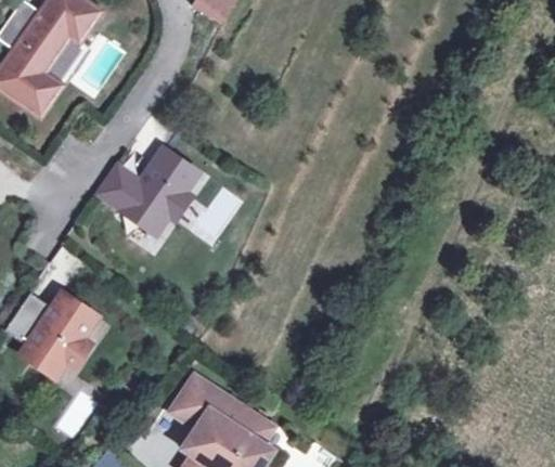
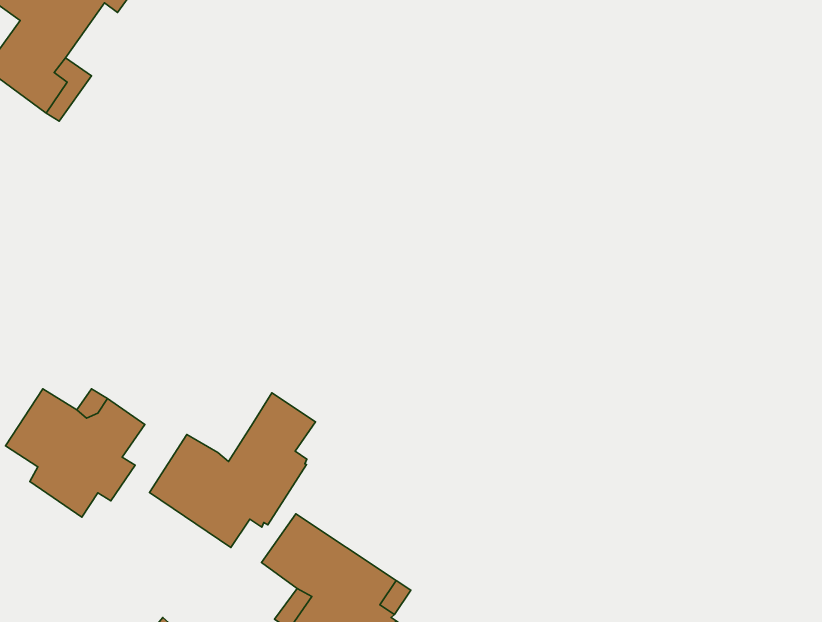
building: [100,151,198,235] -> none
building: none -> [150,393,315,548]

